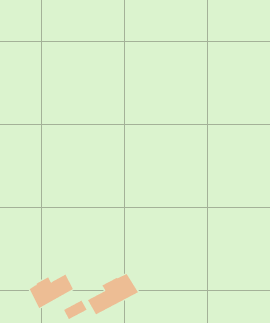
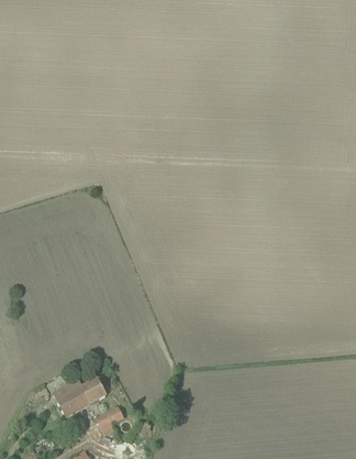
building: [87,273,139,315] -> none

